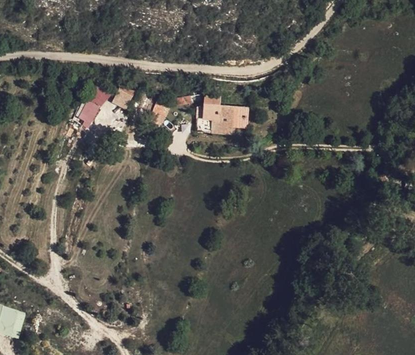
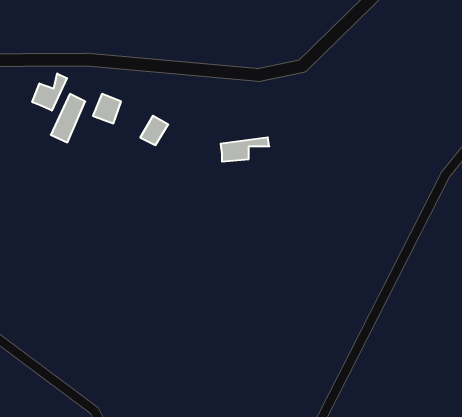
building: none -> [32,73,67,111]
building: [202,95,248,125] -> none

